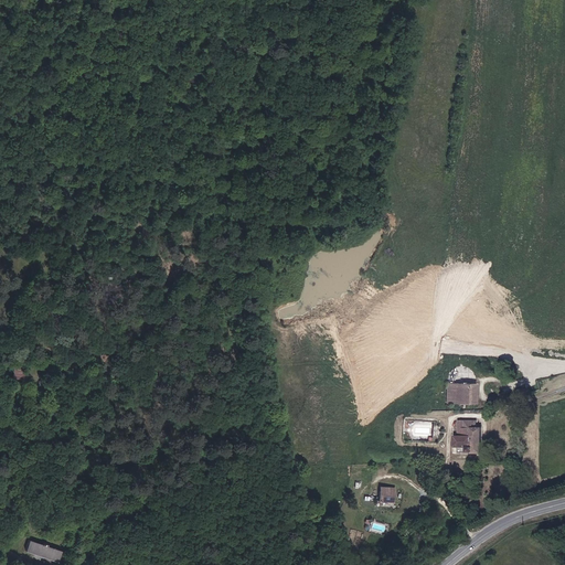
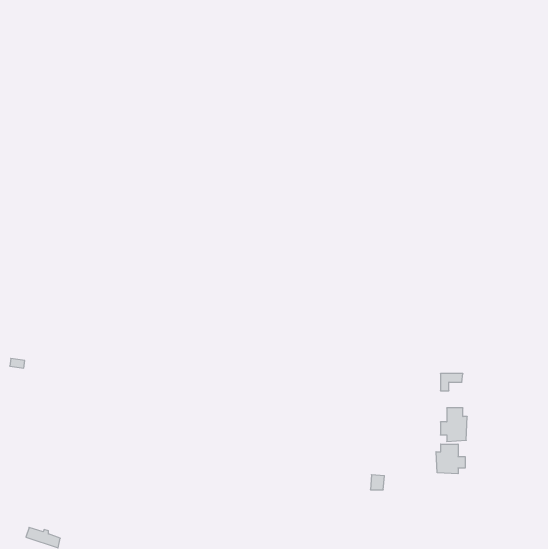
building: none -> [436,444,465,474]

